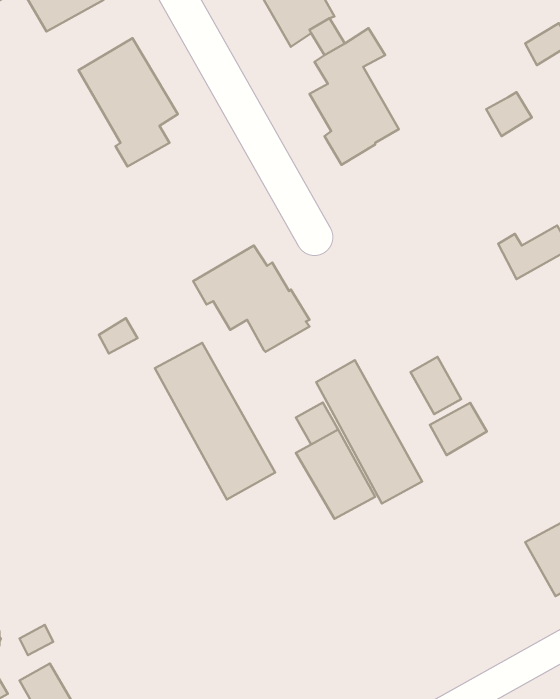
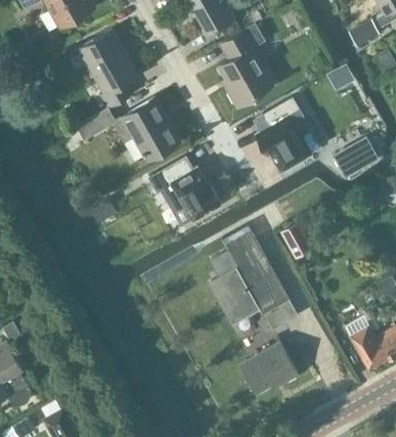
building: none -> [256,98,310,172]
building: none -> [77,99,180,160]
building: [155,343,275,500] -> none
building: [430,403,487,455] -> [263,300,298,332]
building: none -> [240,343,298,393]

